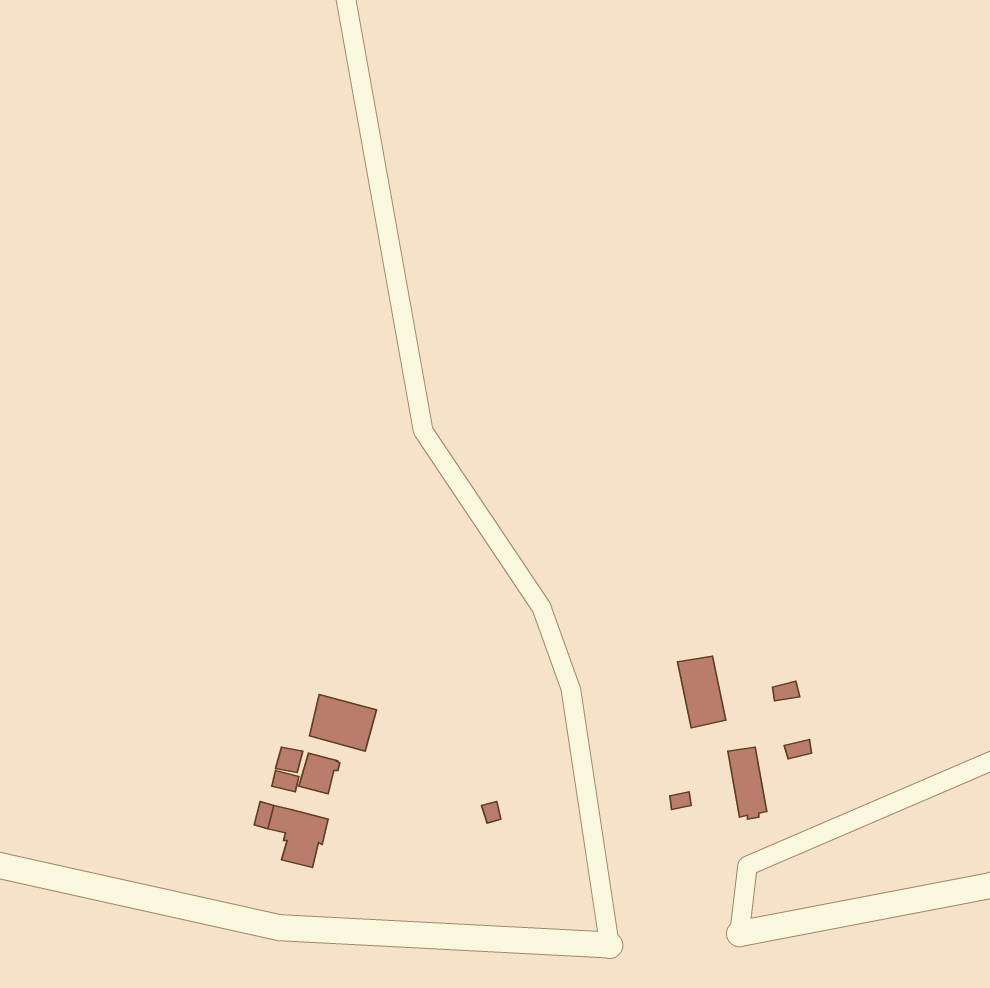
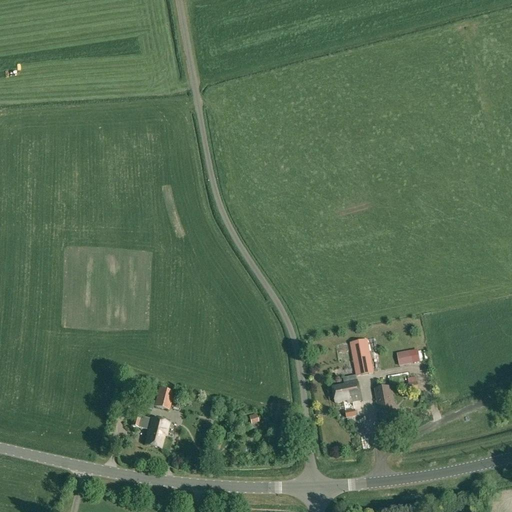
building: [309,695,377,751] -> none
building: none -> [333,379,362,402]

